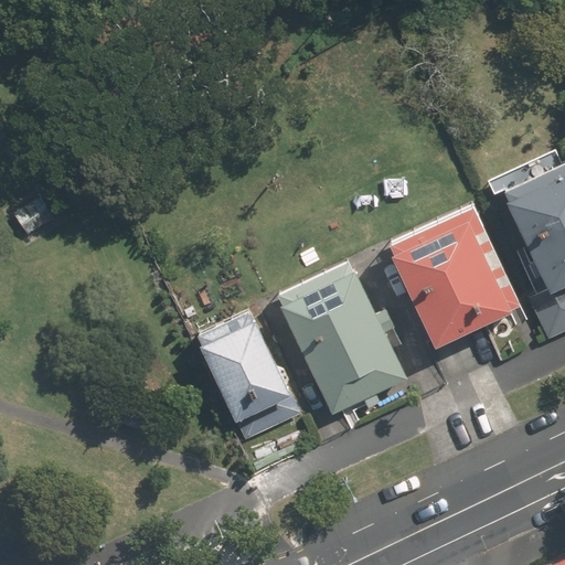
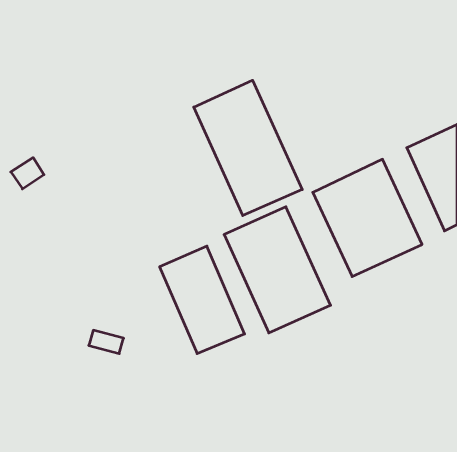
building: none -> [194,80,302,216]

